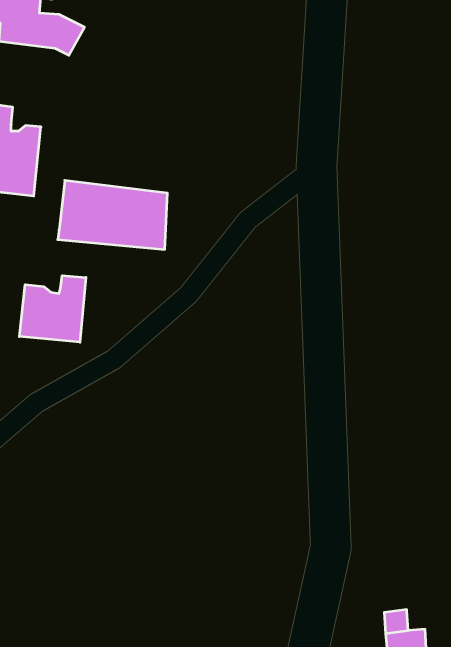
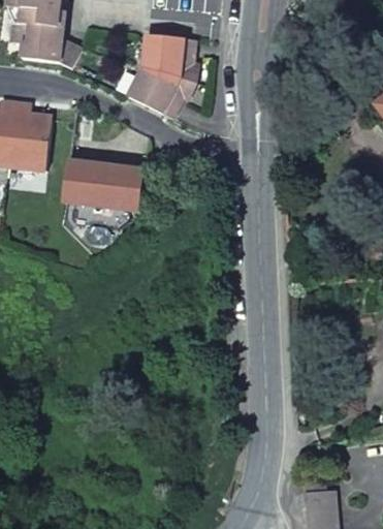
building: none -> [128,33,198,117]
building: [19,276,86,342] -> none

